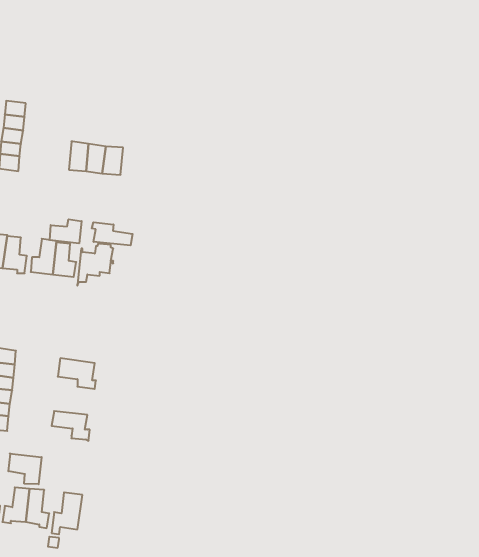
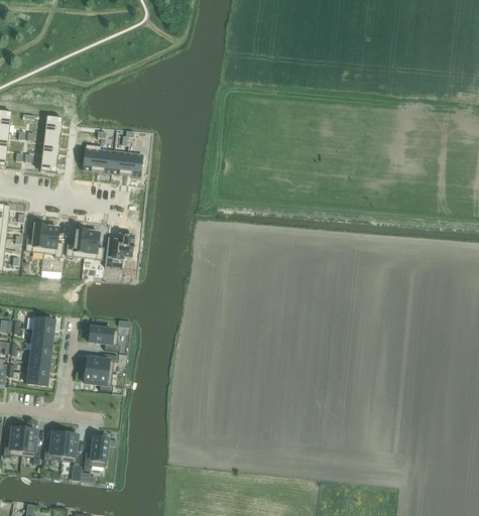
building: none -> [83,142,101,170]
building: [50,219,82,243] -> none
building: [92,222,133,245] -> none
building: none -> [86,352,119,371]
building: [8,454,42,484] -> none

